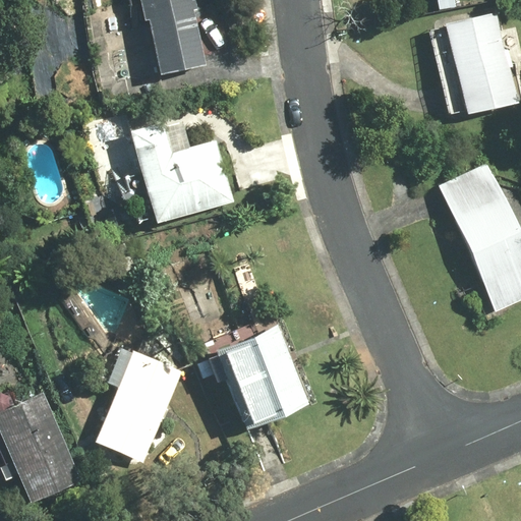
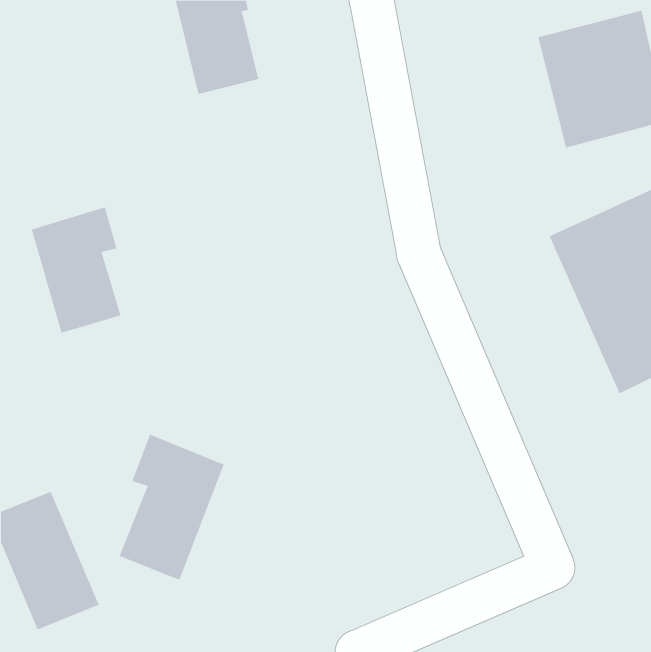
building: [129,112,233,223] -> none
building: none -> [31,207,121,334]
building: [215,324,311,431] -> none

